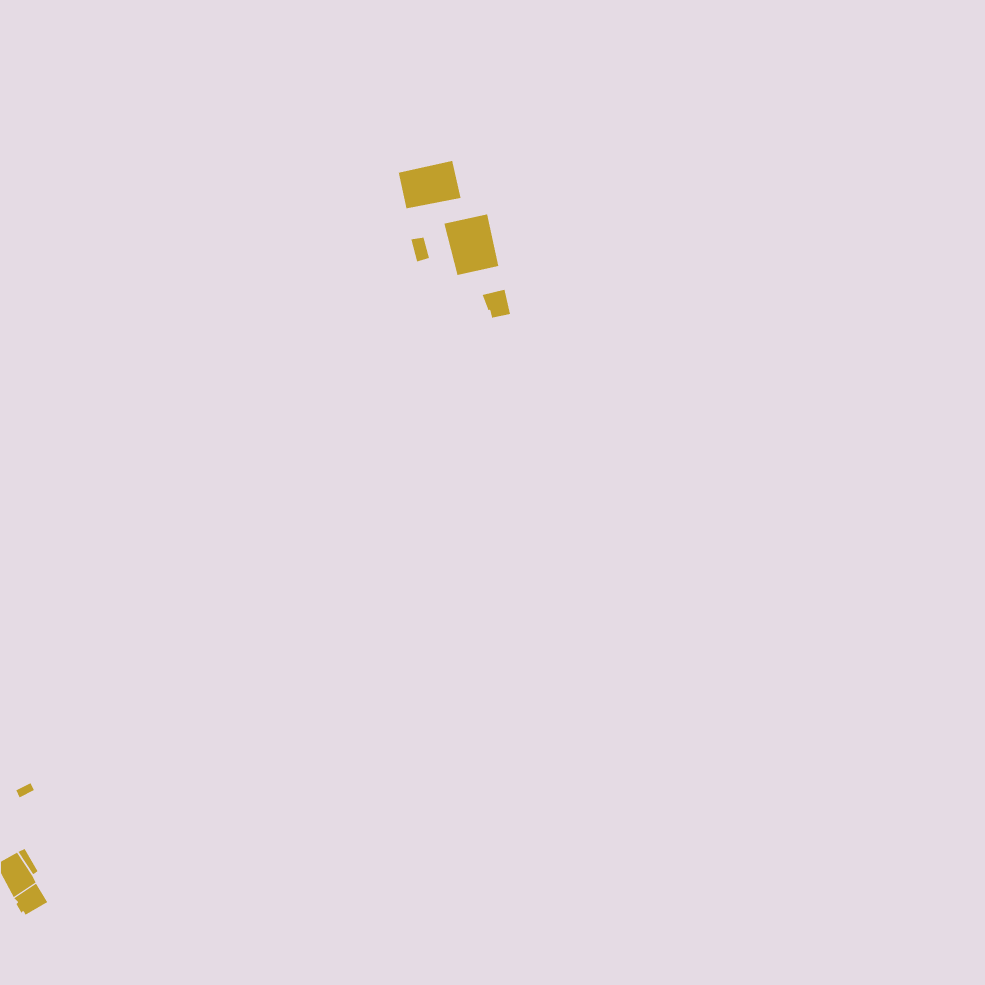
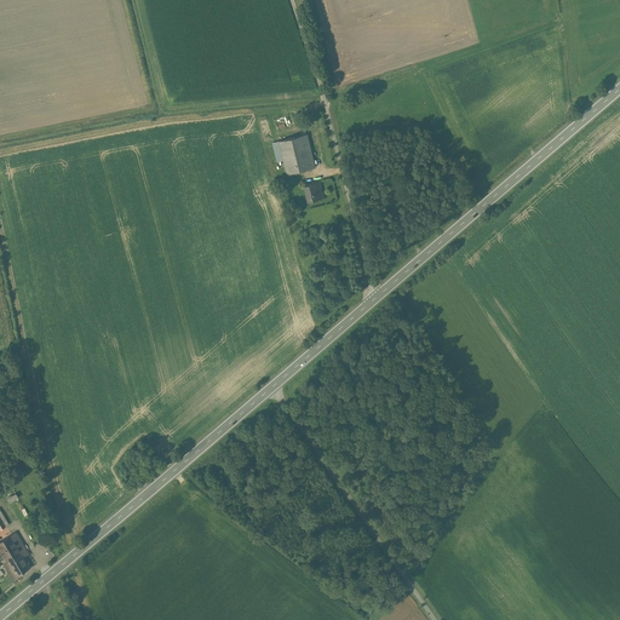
building: [398,160,461,209] -> none

